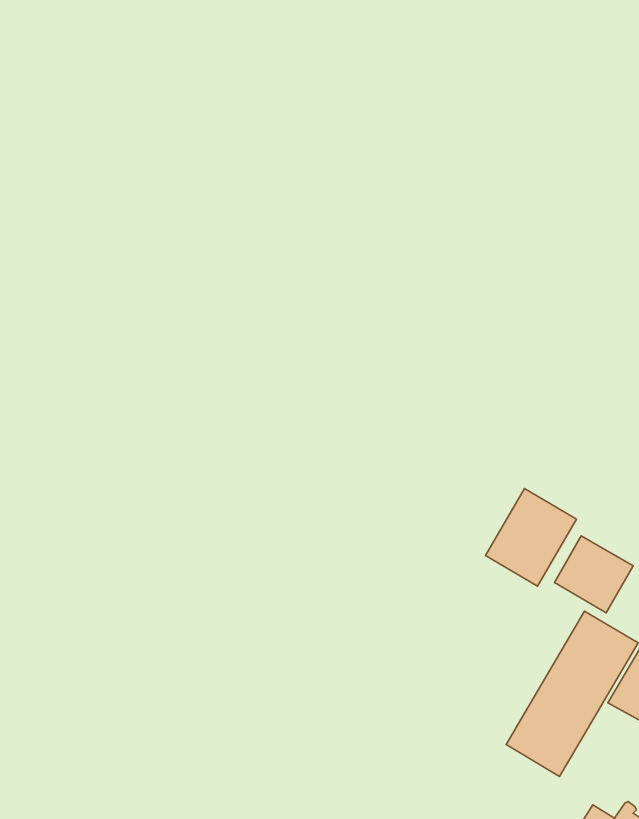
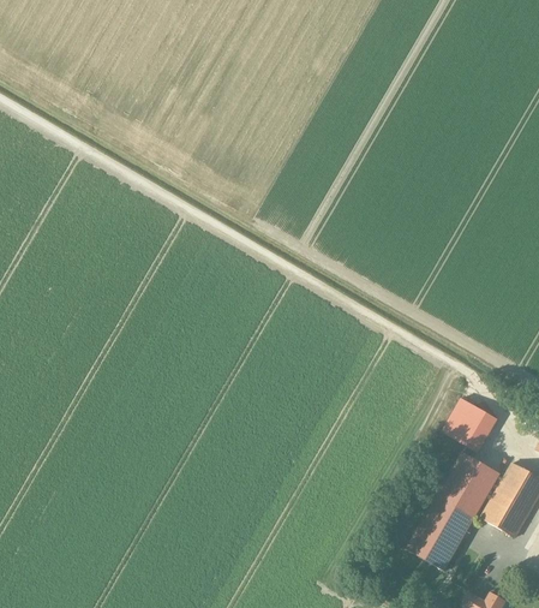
building: [486,489,576,586] -> none

